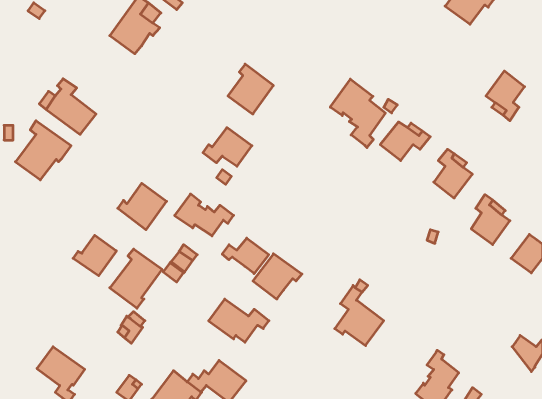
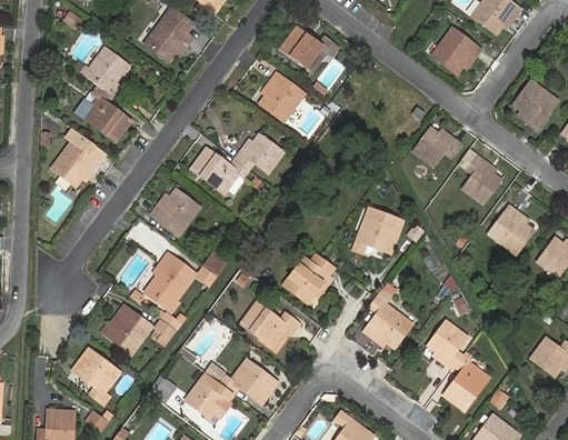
building: none -> [280,27,338,69]
building: none -> [432,28,480,73]
building: none -> [81,48,128,96]
building: [330,79,385,148] -> none
building: [175,194,234,236] -> [191,148,249,189]
building: none -> [353,208,403,254]
building: [73,235,116,276] -> none
building: [222,238,269,274] -> none
building: none -> [108,306,152,353]
building: none -> [428,320,467,369]

